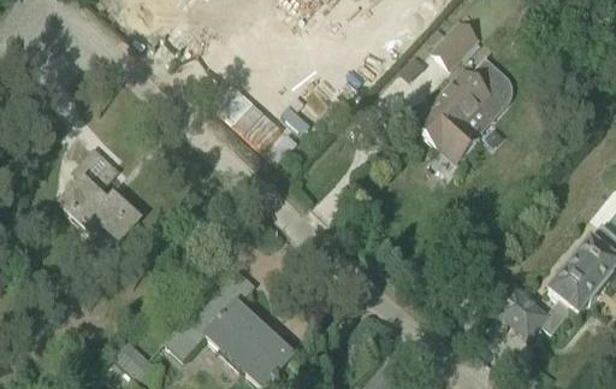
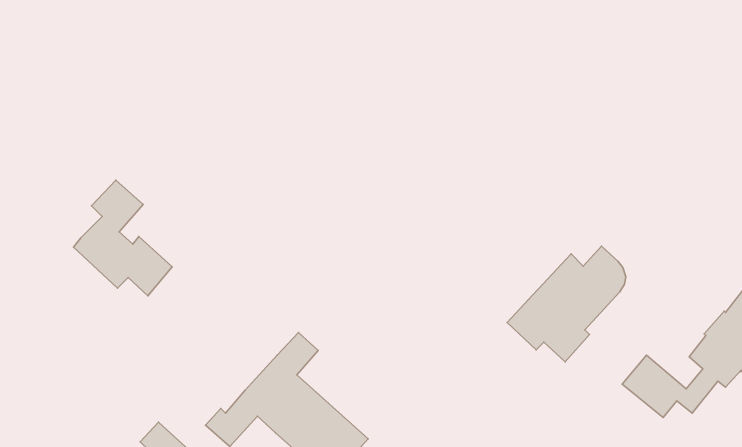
building: [432,18,479,67] -> none
building: [416,63,510,154] -> [507,246,626,362]

